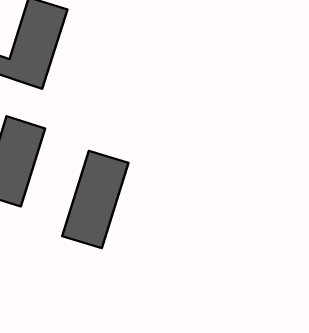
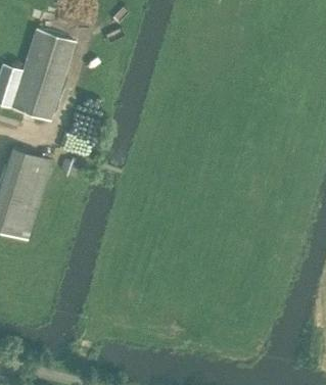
building: [62,151,128,248] -> none

